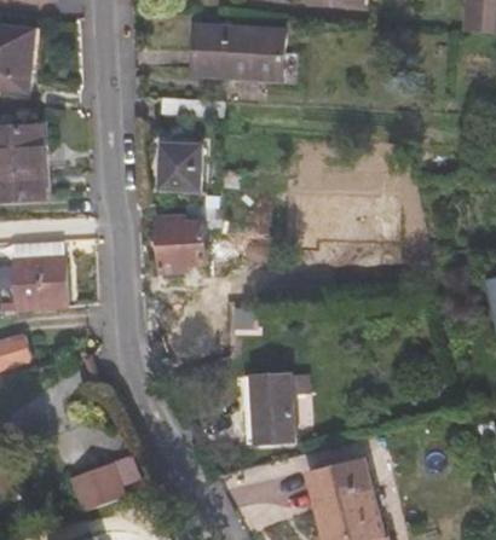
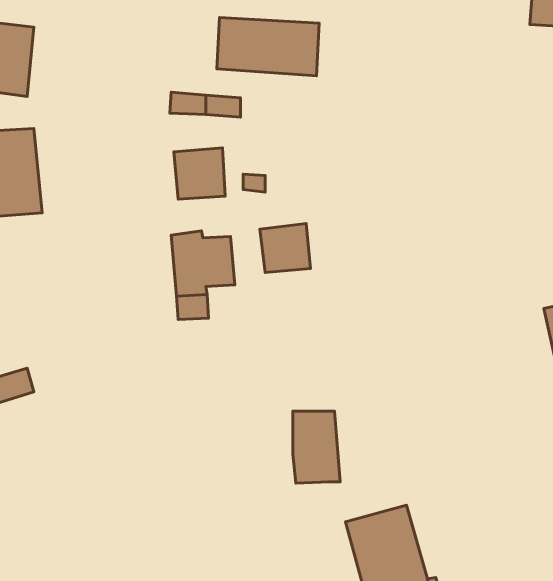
building: none -> [260,224,310,273]
building: [15,230,71,303] -> none
building: [75,455,127,505] -> none

